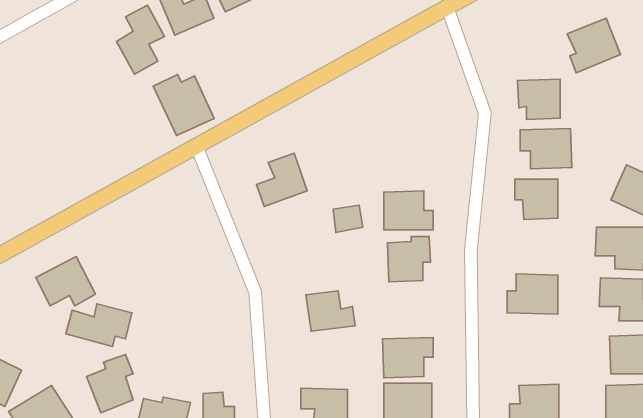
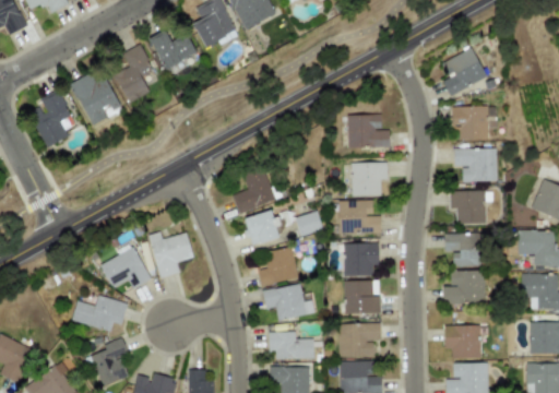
building: [567,18,620,73] -> [441,48,486,94]
building: none -> [28,90,72,147]
building: [153,74,214,135] -> [71,73,122,124]
building: none -> [347,114,390,147]
building: none -> [352,162,386,195]
building: none -> [246,211,280,243]
building: none -> [148,231,193,277]
building: none -> [444,233,483,266]
building: none -> [258,247,298,285]
building: [36,257,96,306] -> [100,247,151,288]
building: none -> [344,279,380,313]
building: none -> [444,325,480,359]
building: none -> [269,331,313,359]

